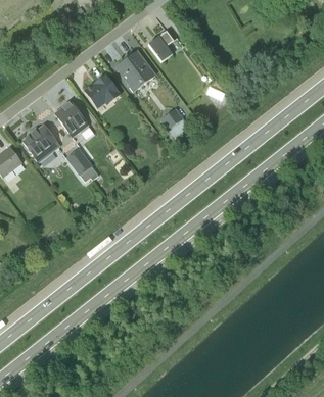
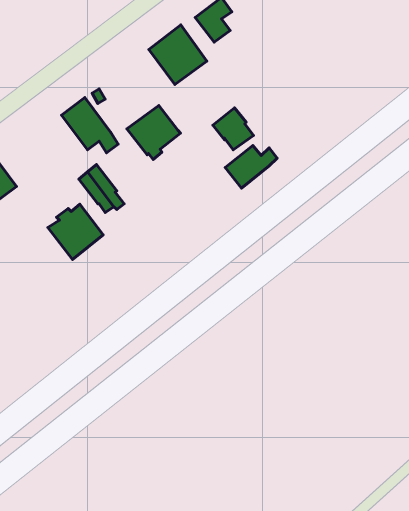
building: [83,73,121,111] -> [127,106,181,159]
building: [20,123,59,162] -> [48,204,103,259]
building: none -> [225,145,277,188]

